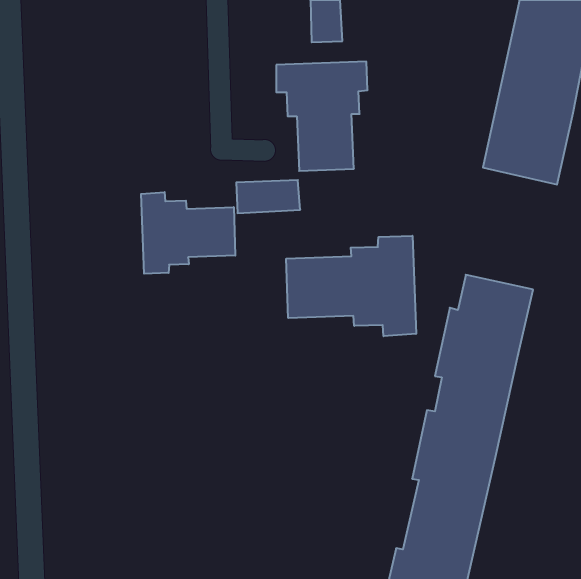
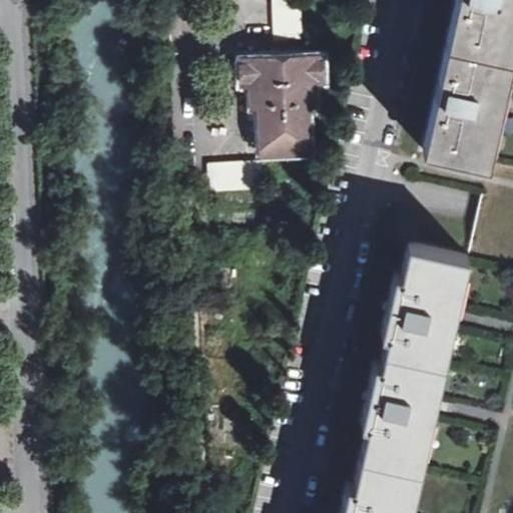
building: [141,192,235,274] -> none
building: [286,236,416,336] -> none

